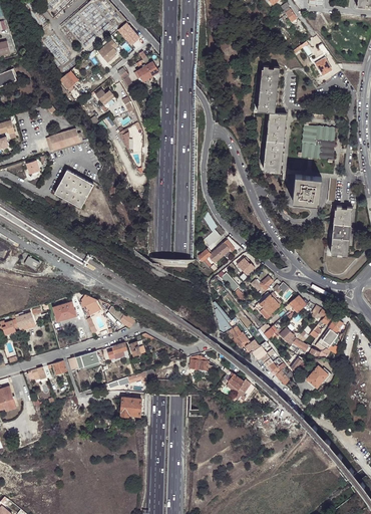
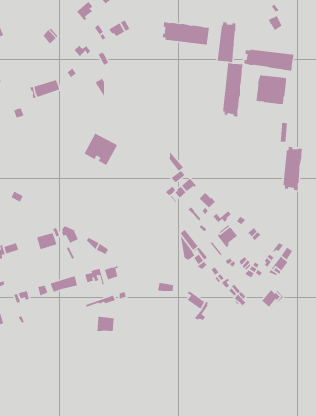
building: none -> [162,21,210,45]
building: none -> [243,49,294,71]
building: [53,171,92,209] -> [83,132,118,166]
building: [292,174,321,204] -> none

